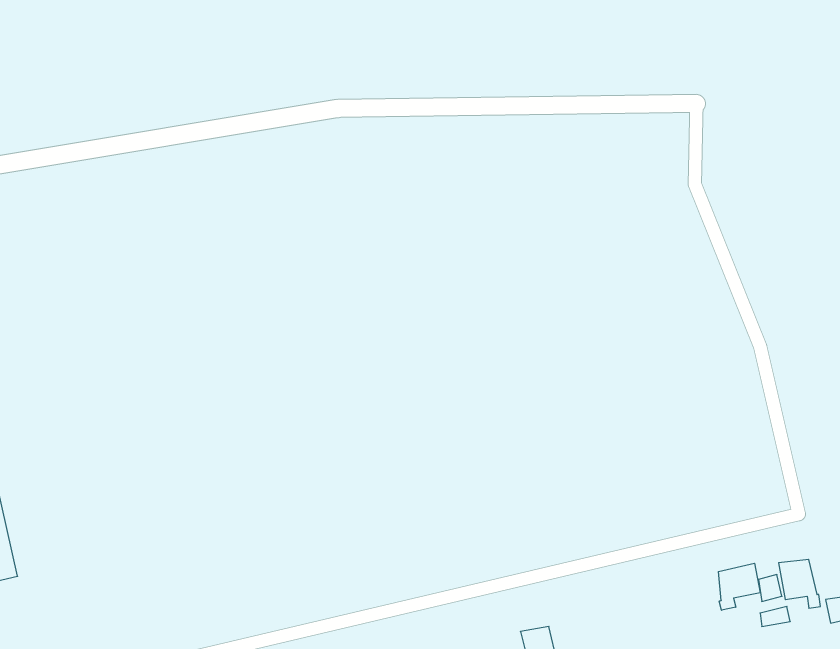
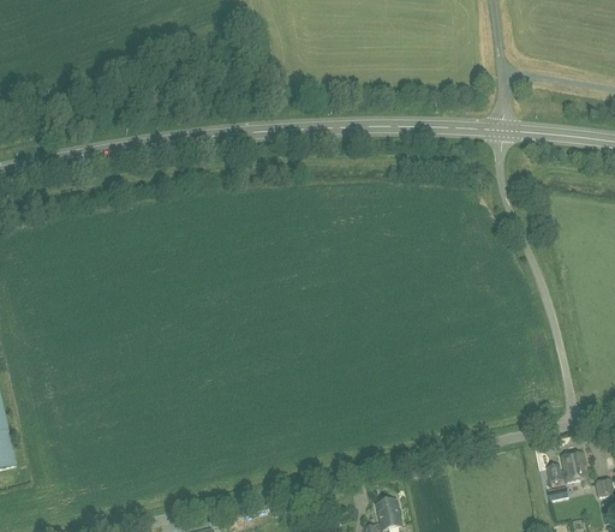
building: [718,563,760,610] -> none

